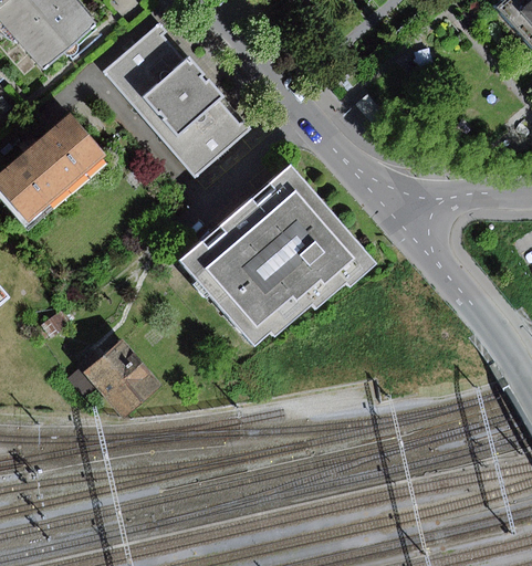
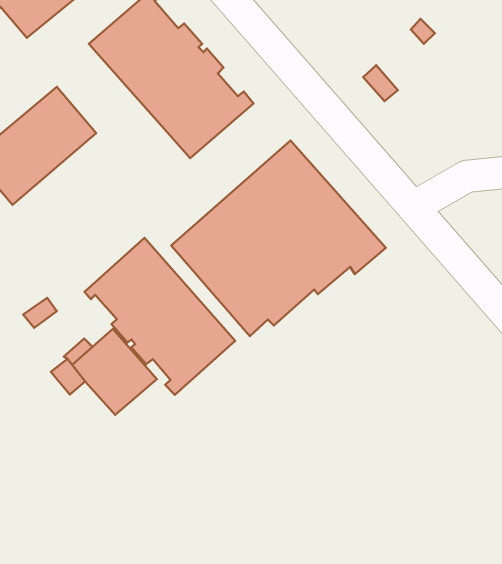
building: none -> [84,238,235,395]

